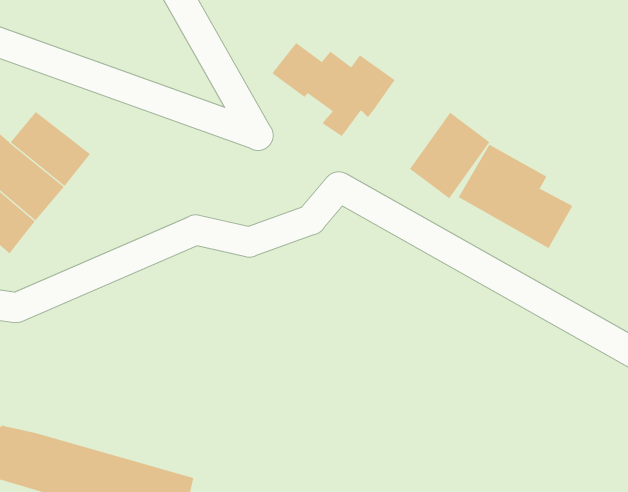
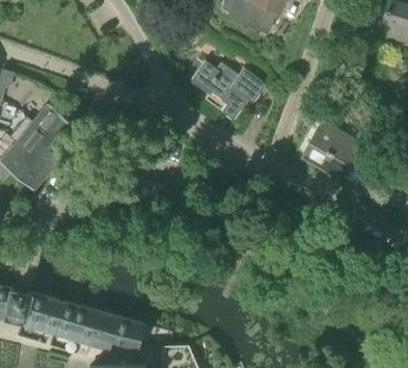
building: [409,112,490,199] -> none

